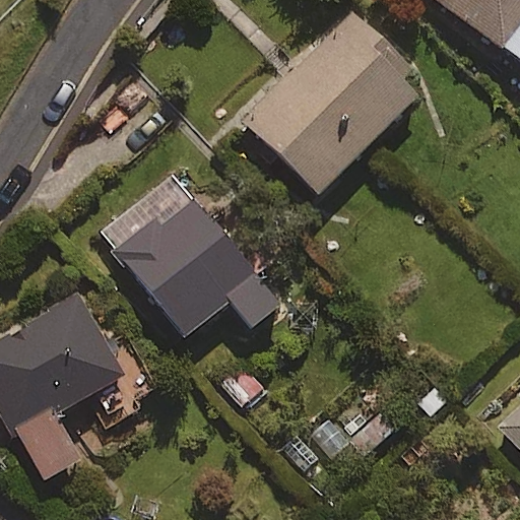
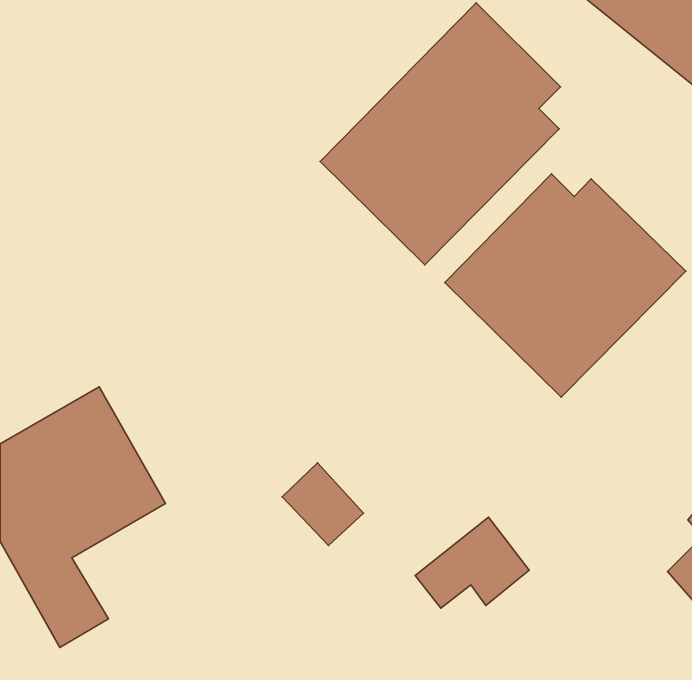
building: none -> [445,174,686,397]
building: [99,168,280,339] -> none

